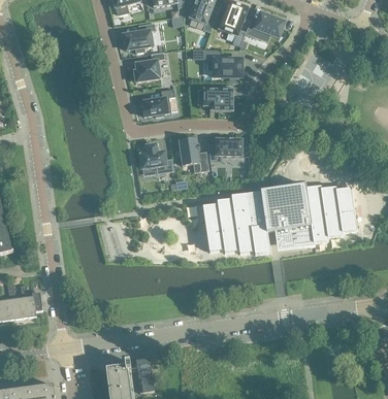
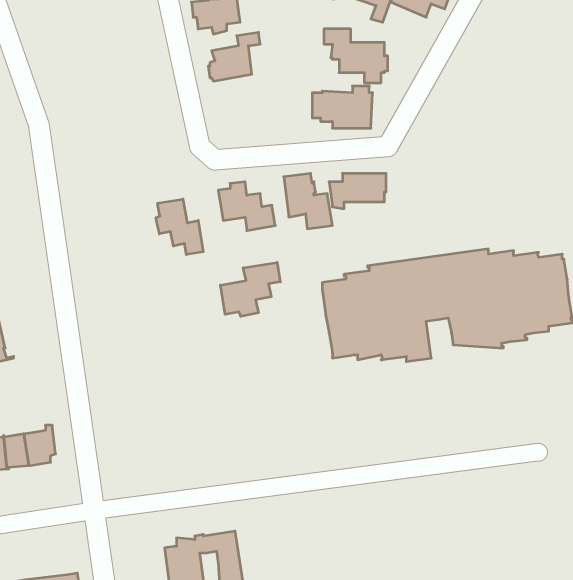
building: [141,89,173,117] -> none
building: none -> [156,199,203,255]
building: none -> [220,262,280,316]

